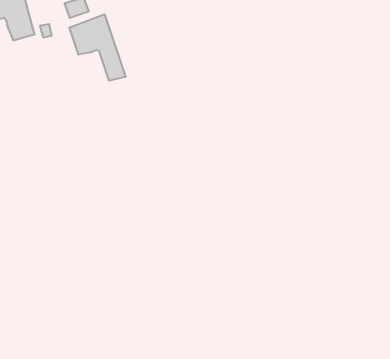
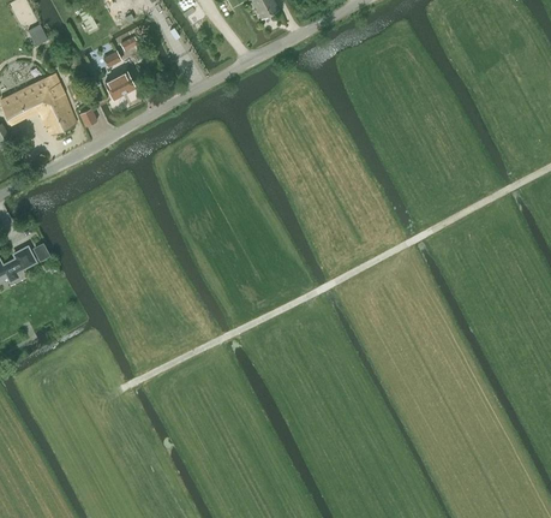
building: [69,14,125,81] -> none

